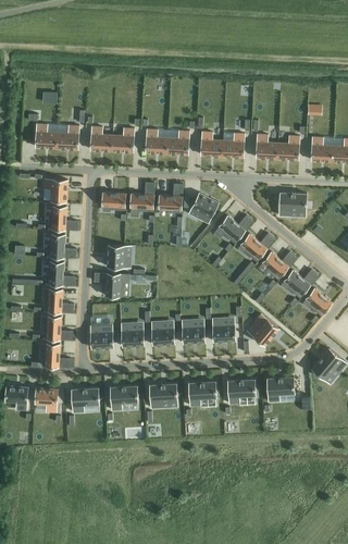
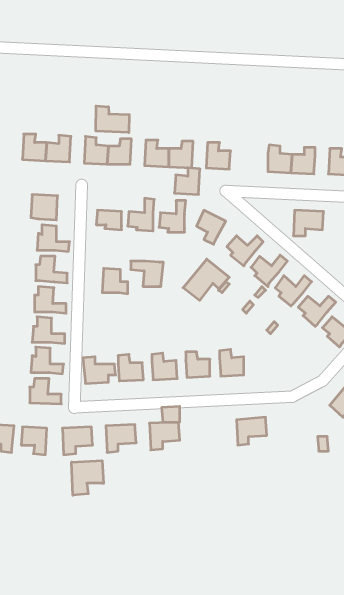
building: none -> [96,106,129,133]
building: [222,133,245,157] -> [174,168,200,194]
building: none -> [183,259,229,300]
building: [95,273,124,296] -> [131,261,163,286]
building: [252,313,279,345] -> none
building: [268,376,295,401] -> none
building: [189,381,216,406] -> none
building: none -> [72,461,104,495]

